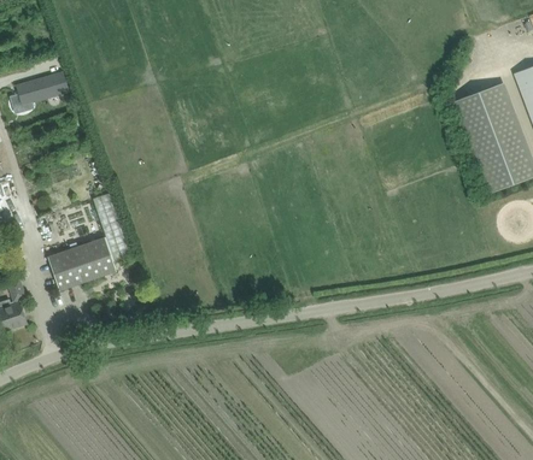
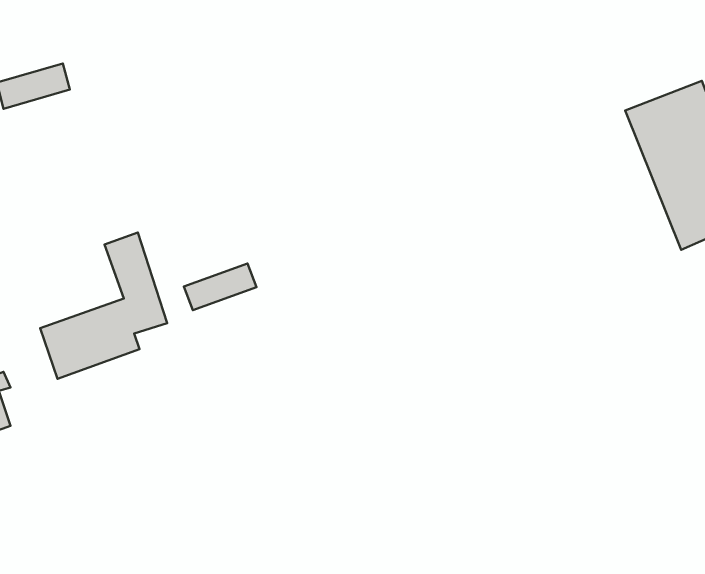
building: none -> [184,264,257,310]

